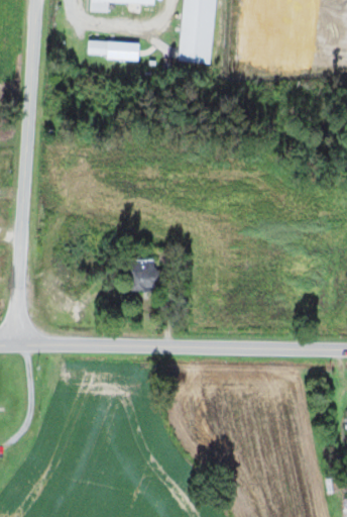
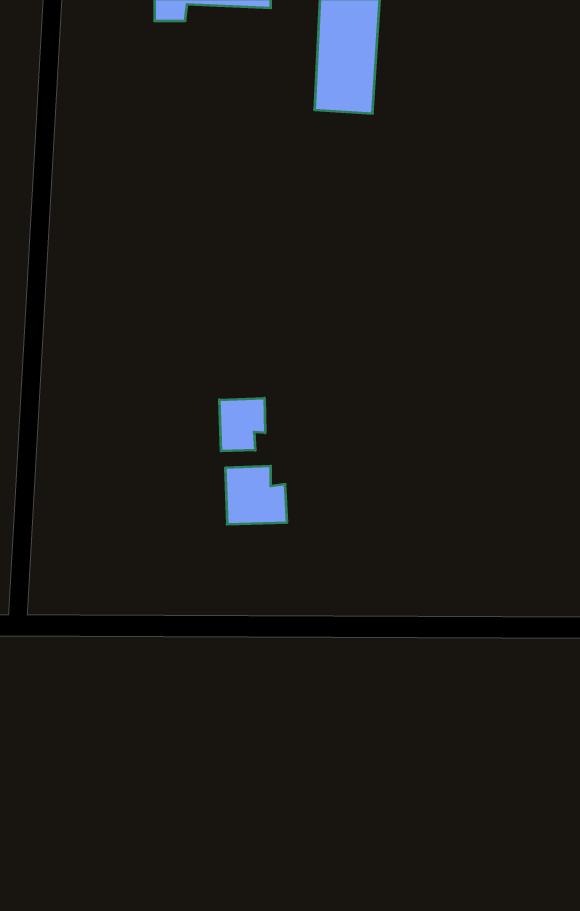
building: [88,41,139,61] -> none
building: none -> [219,398,265,451]

